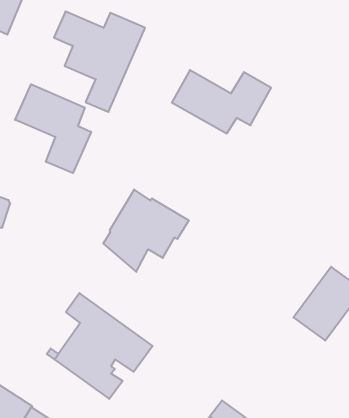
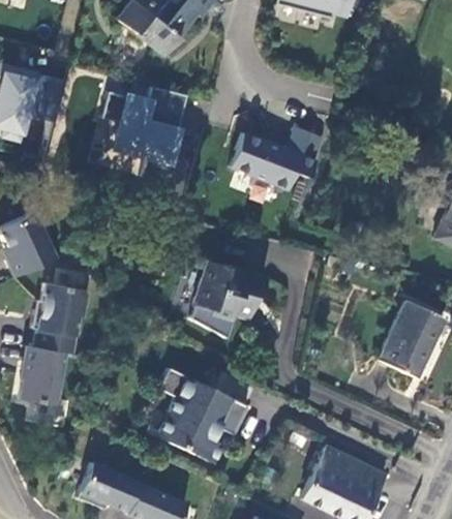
building: [15,84,91,173] -> none

